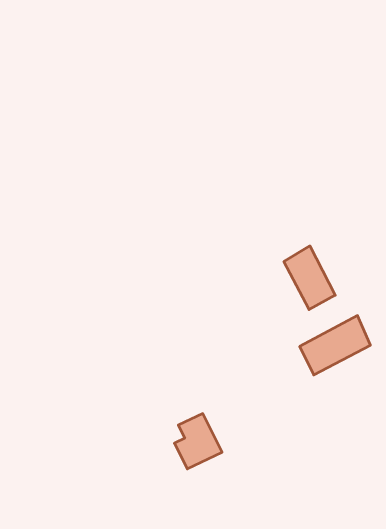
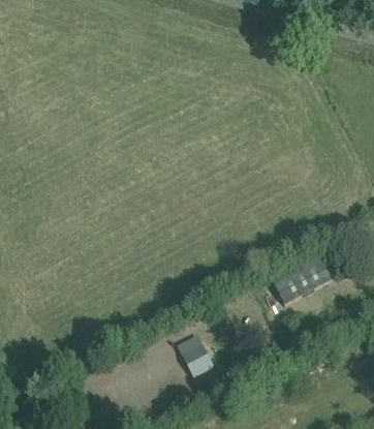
building: [284,246,335,310] -> none

